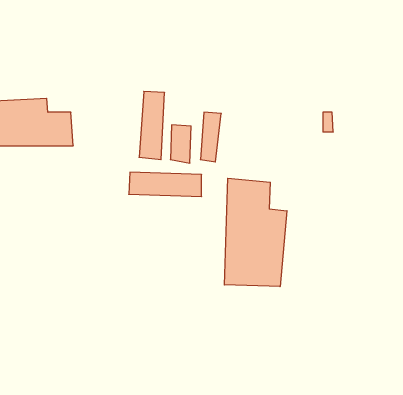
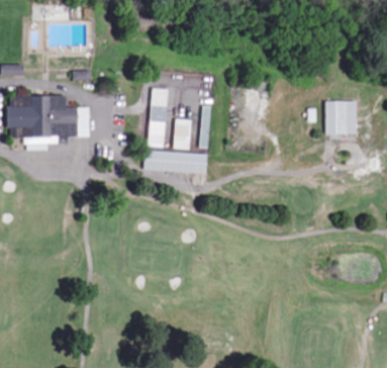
building: none -> [324,99,359,132]
building: [224,178,287,287] -> none

